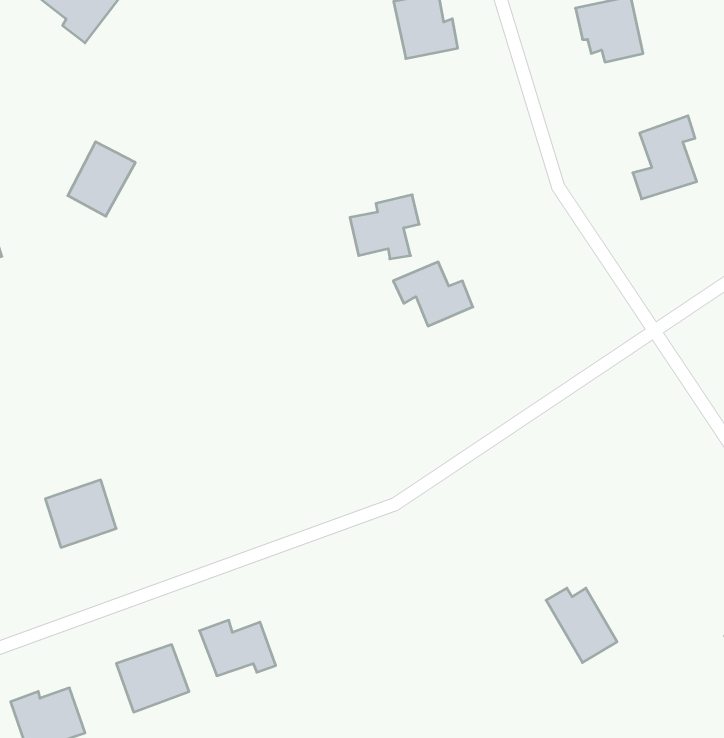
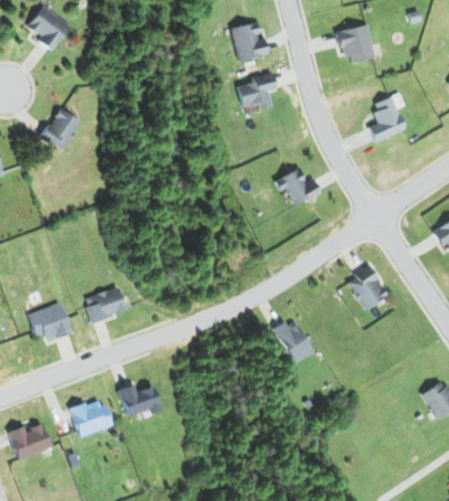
building: [350,195,419,259] -> [236,72,276,109]
building: [393,262,473,326] -> [273,168,319,205]
building: none -> [346,266,388,310]
building: none -> [85,288,125,321]
building: [546,588,617,663] -> [272,321,313,364]

